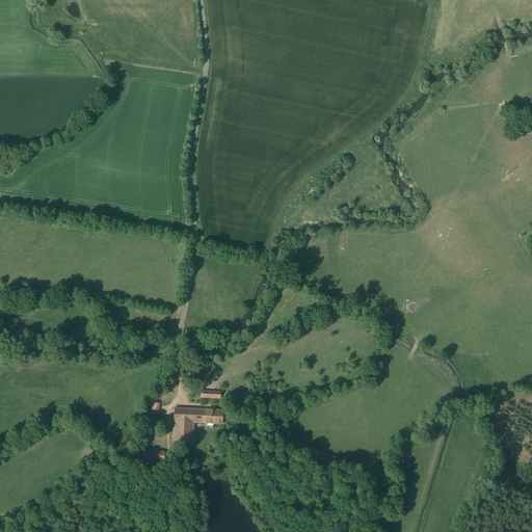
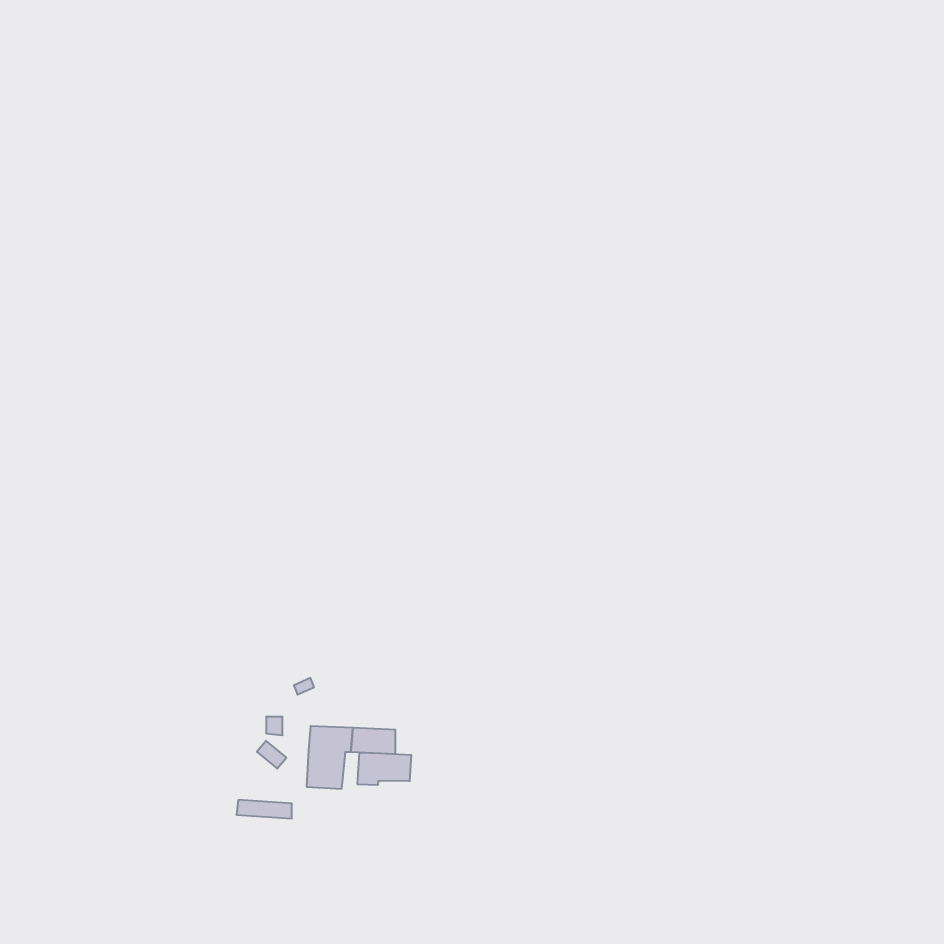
building: none -> [358,752,411,785]

